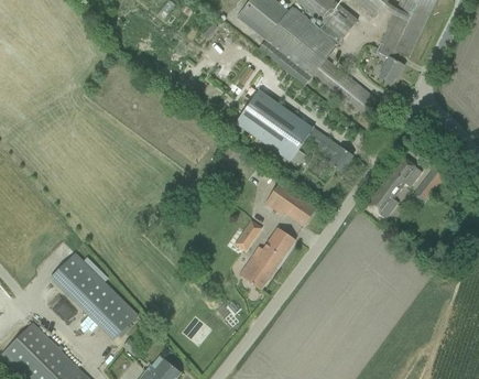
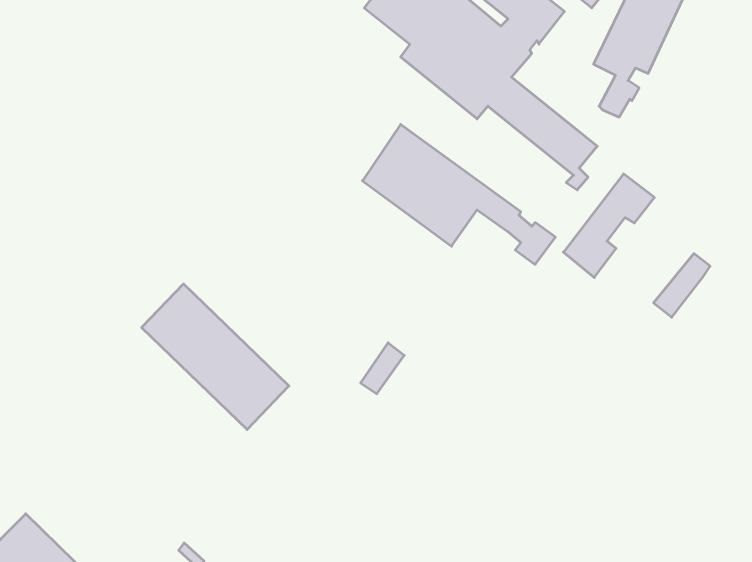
building: [367,156,422,219] -> [563,174,654,278]
building: [265,183,316,225] -> none
building: [239,227,295,289] -> none
building: [50,252,139,340] -> [142,284,289,430]

